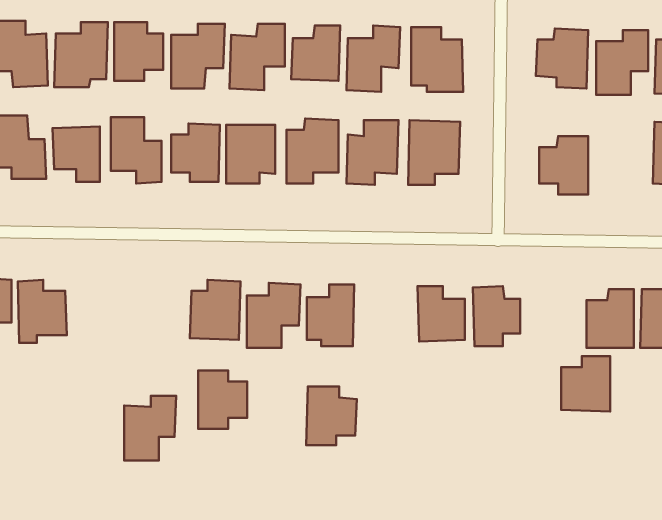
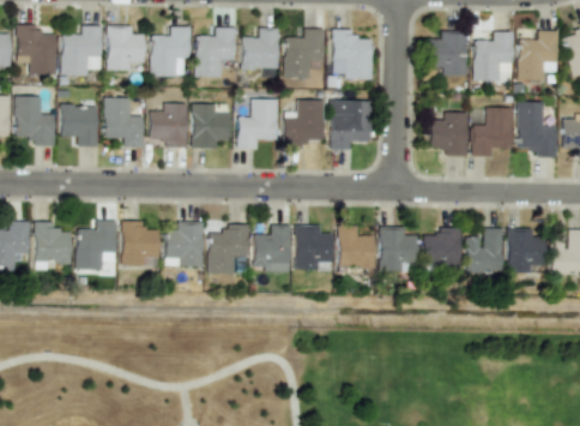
building: none -> [472,107,513,156]
building: [561,356,610,412] -> [423,227,460,269]
building: [198,370,247,429] -> [122,221,159,265]
building: [306,387,357,445] -> [295,224,333,269]
building: [124,396,176,461] -> [77,221,116,270]

